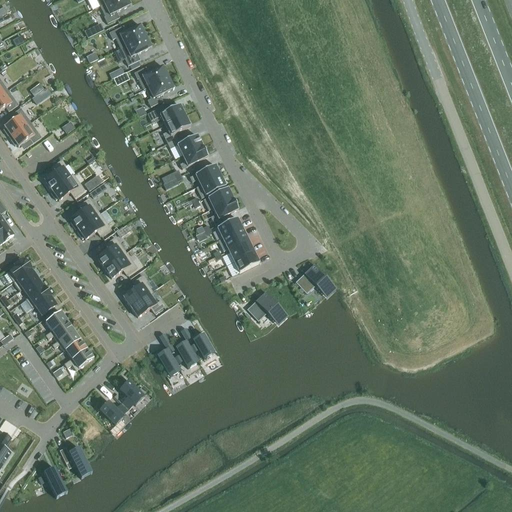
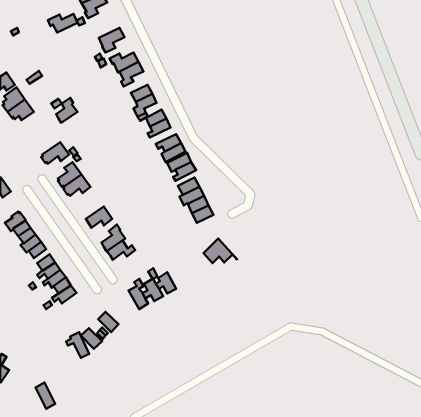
building: [109,23,145,46] -> [48,14,78,33]
building: [44,158,70,188] -> [56,98,77,123]
building: [97,235,126,266] -> none
building: [295,263,336,292] -> none
building: [62,446,90,477] -> [66,332,89,358]

